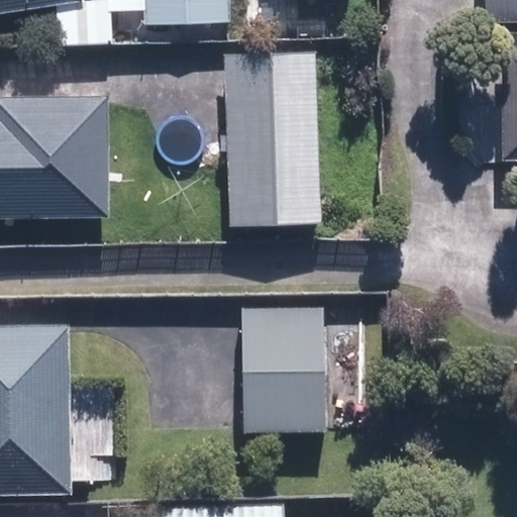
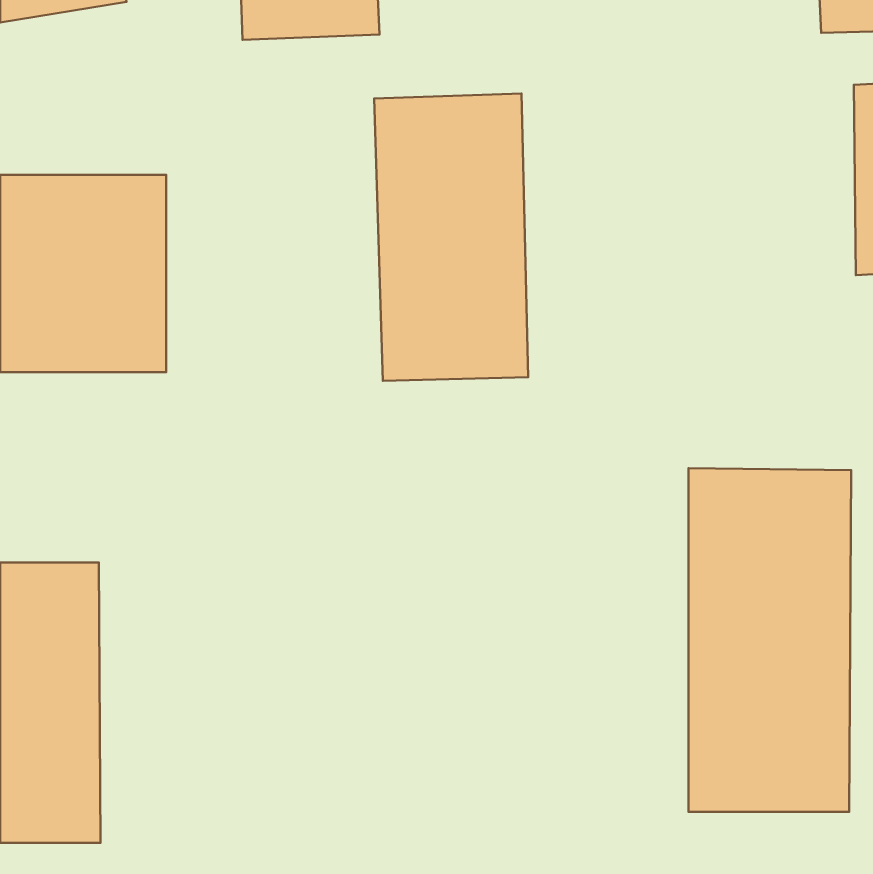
building: none -> [688,468,851,812]
building: [245,313,319,428] -> none

